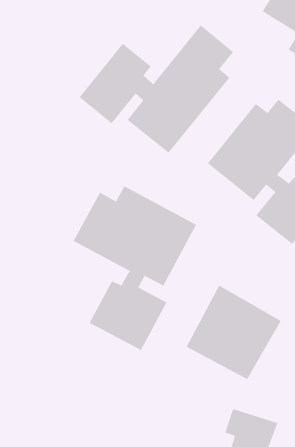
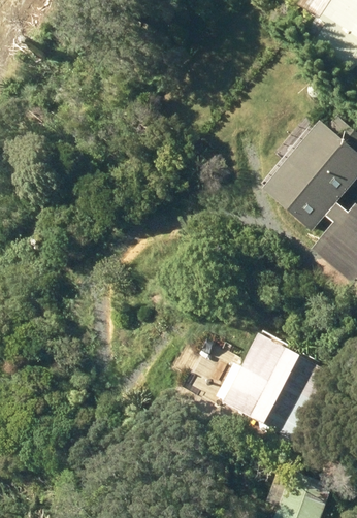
building: [79,24,234,154] -> none
building: [73,186,197,351] -> none

